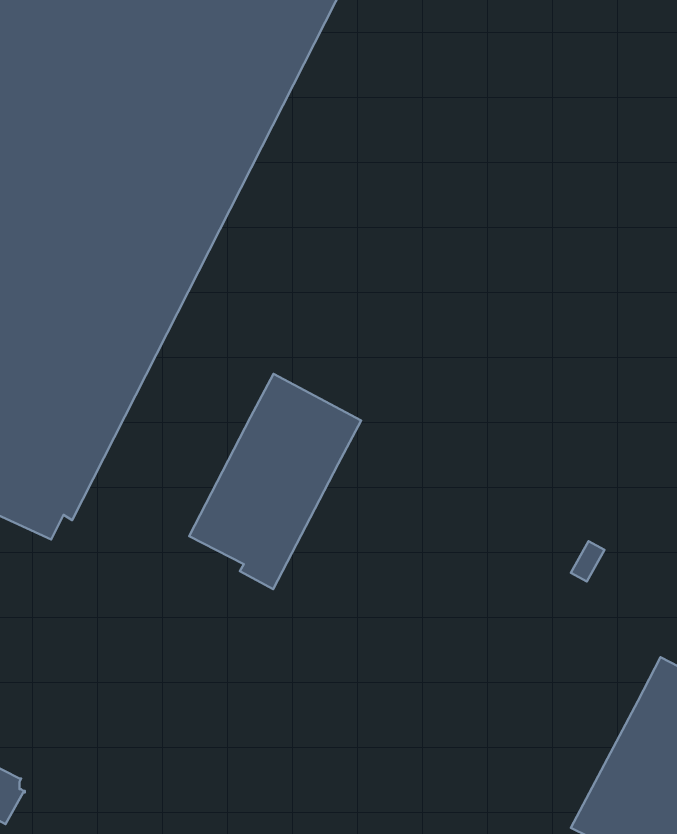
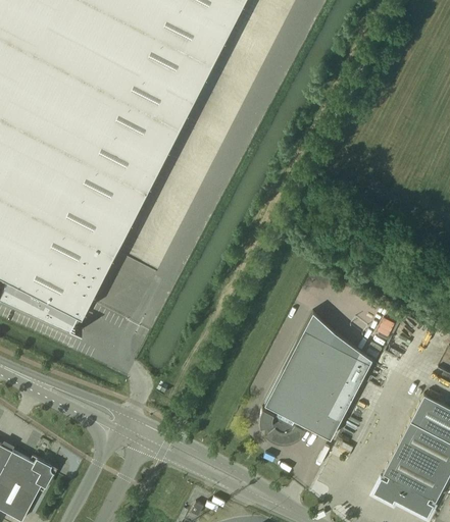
building: [189,374,361,589] -> none
building: none -> [259,312,371,445]

